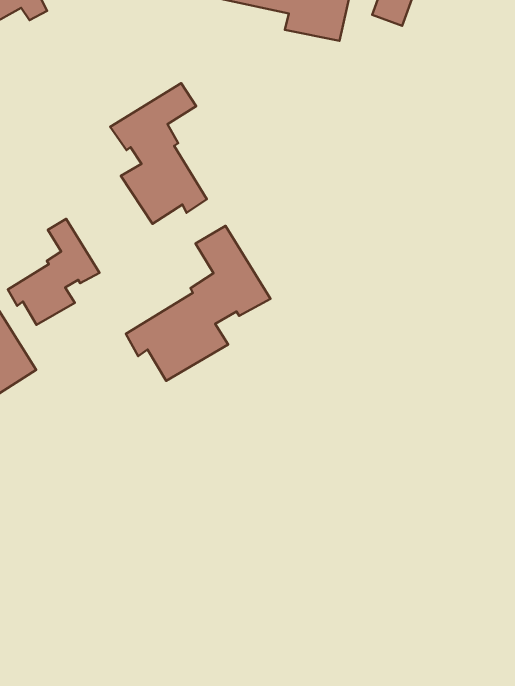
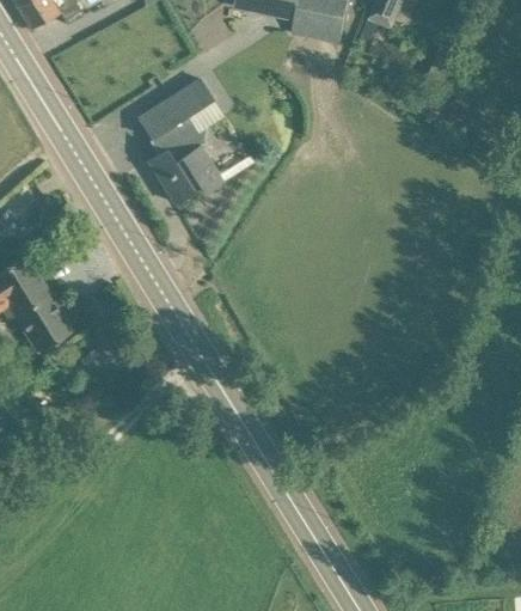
building: [8,219,99,325] -> none
building: [126,226,270,381] -> none

